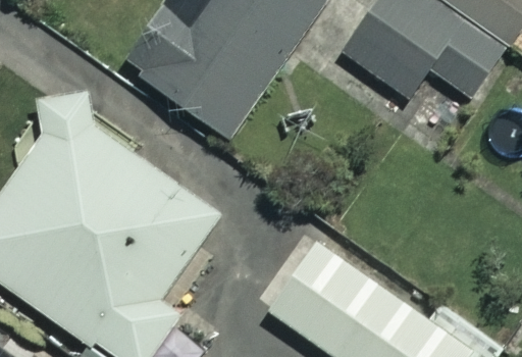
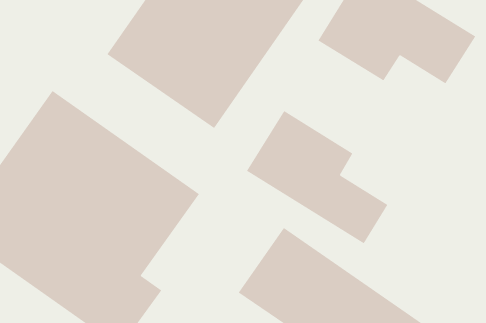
building: none -> [246,110,388,244]

